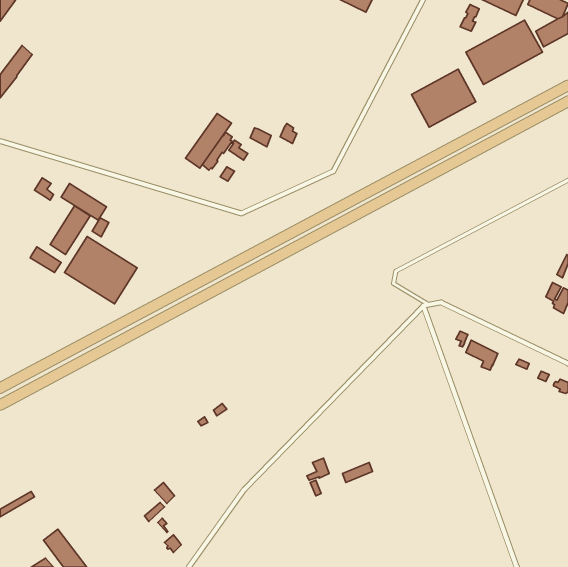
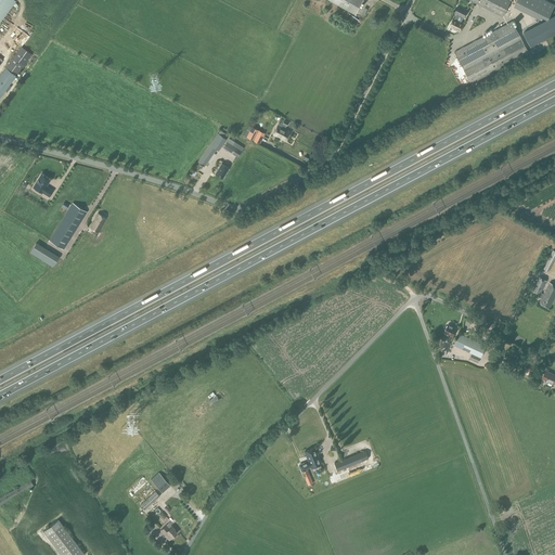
building: [411,69,476,127] -> none
building: [186,113,231,168] -> none
building: [61,184,106,220] -> none
building: [64,236,137,304] -> none

